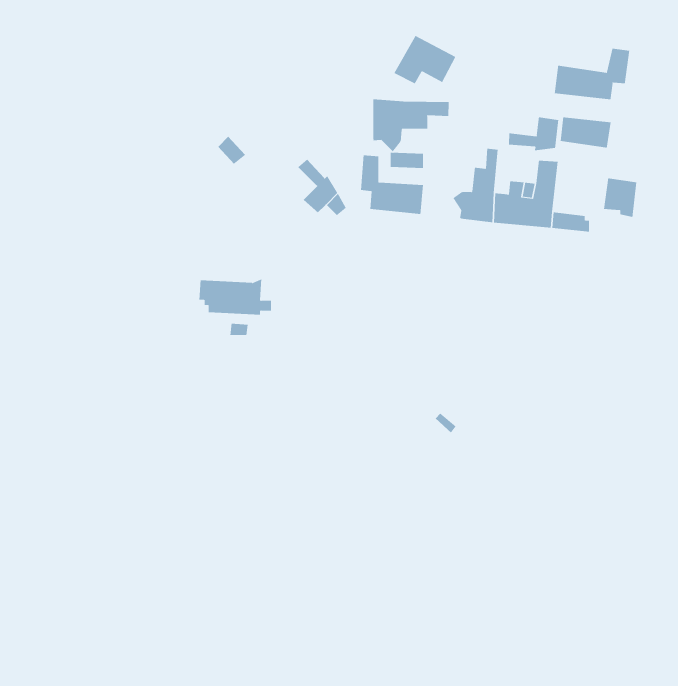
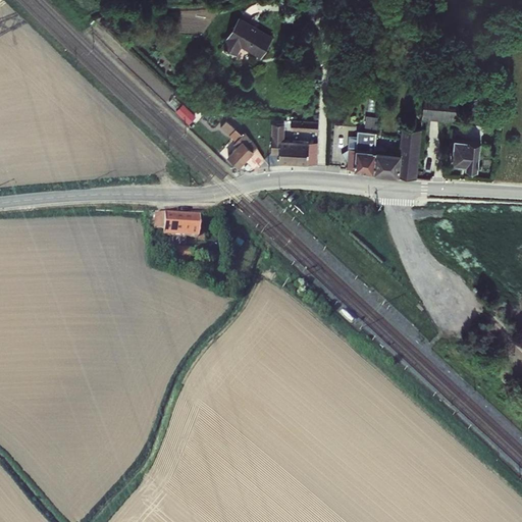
building: [394,35,456,84] -> [227,13,274,50]
building: [554,48,630,100] -> none
building: [373,99,449,152] -> none
building: [508,116,559,151] -> none

